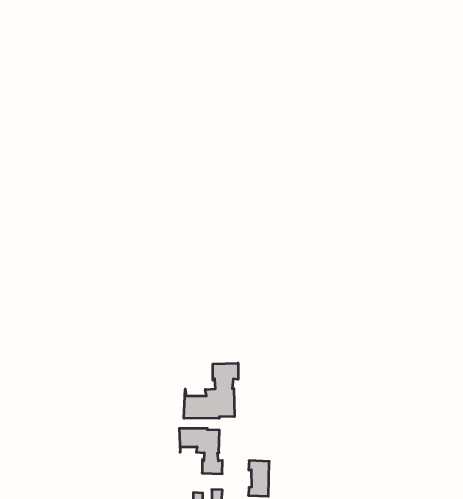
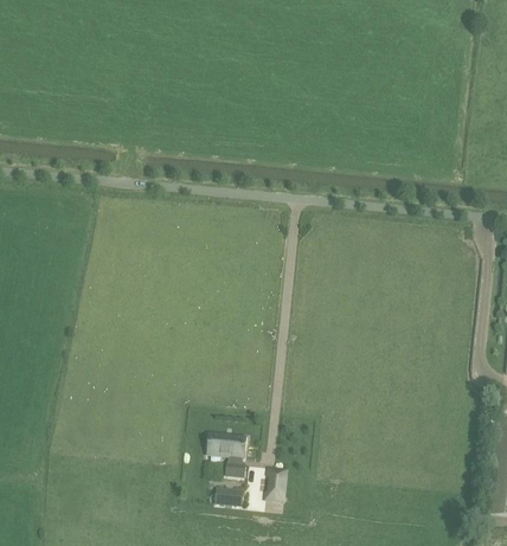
building: [184,363,238,418] -> none

